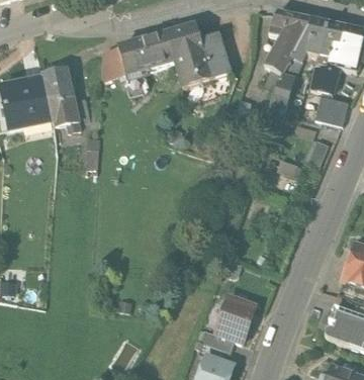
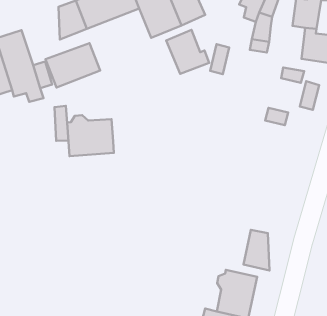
building: none -> [166,30,209,74]
building: none -> [45,43,100,88]
building: none -> [67,115,114,156]
building: none -> [243,230,270,270]

